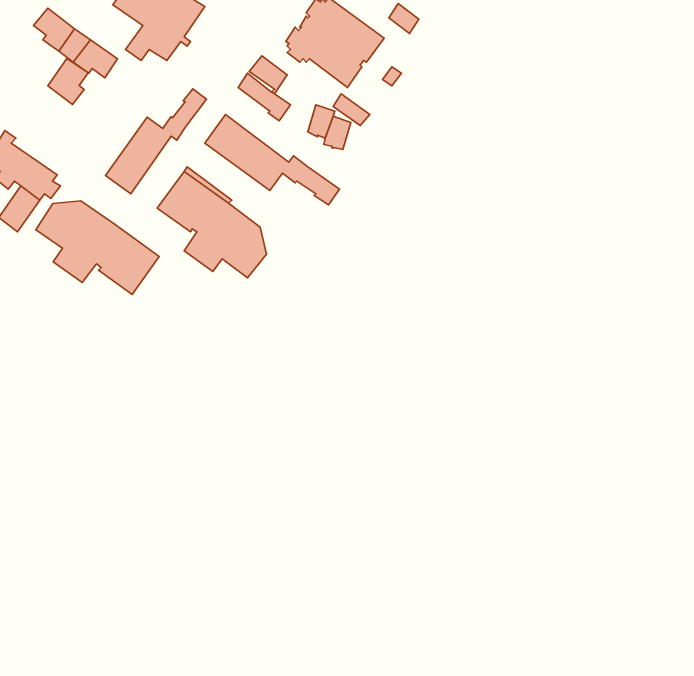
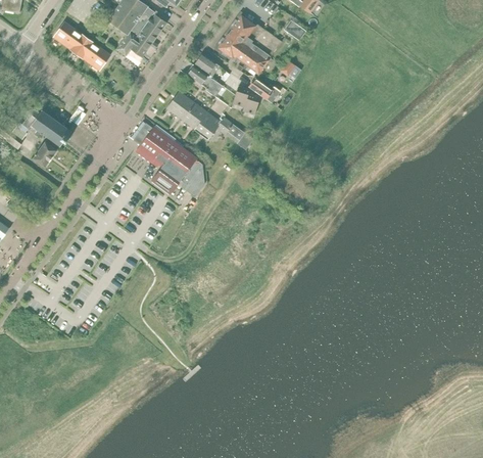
building: [48,59,88,104] -> none
building: [106,89,207,194] -> none
building: [36,201,159,295] -> none

